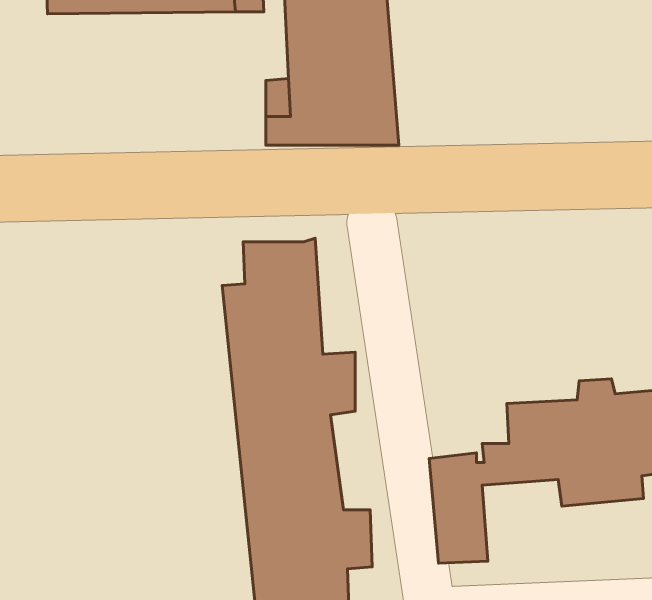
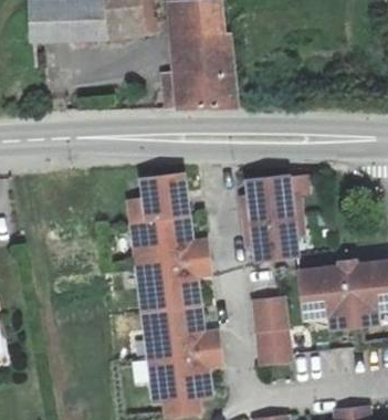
building: none -> [242,170,305,256]

